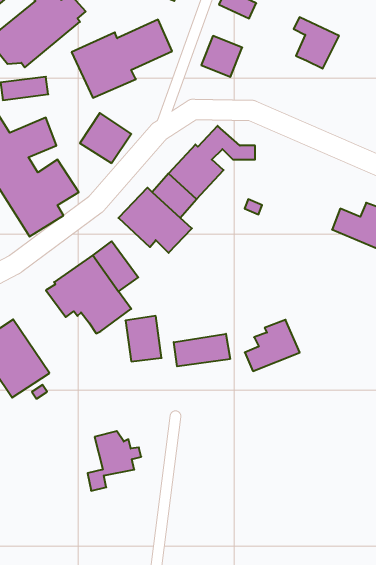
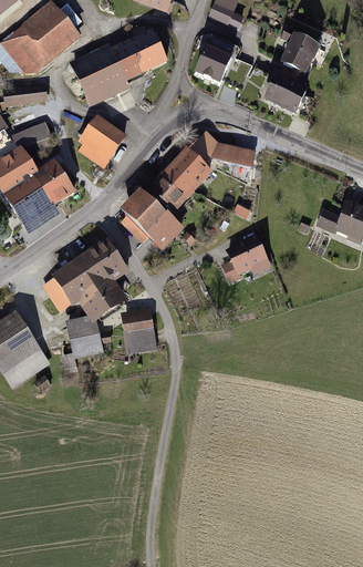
building: none -> [266,66,311,115]
building: [245,320,300,371] -> [218,234,270,282]
building: [174,334,230,366] -> none
building: [88,431,141,491] -> [59,316,110,372]

